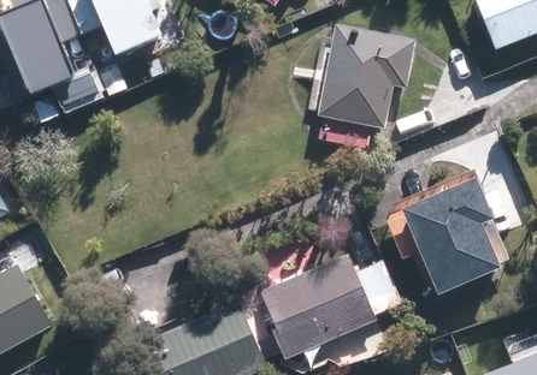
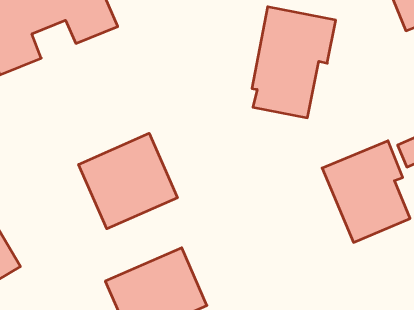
building: none -> [79,133,177,229]
building: [260,251,379,357] -> none

